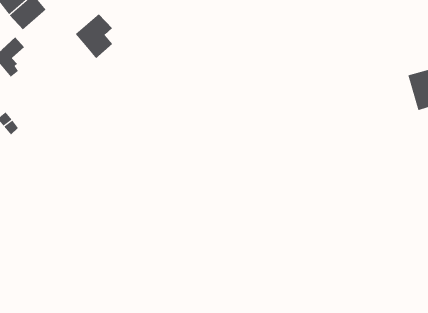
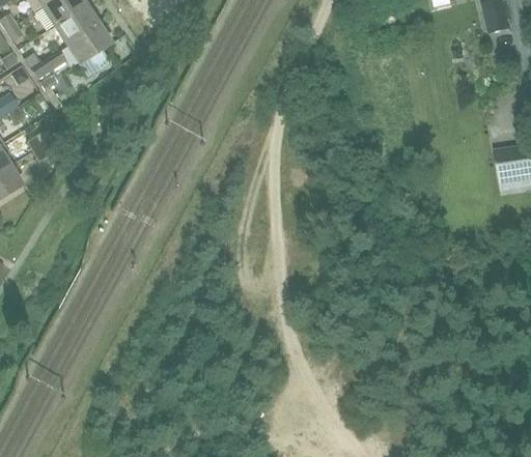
building: [75,14,113,59] -> [68,23,112,74]

